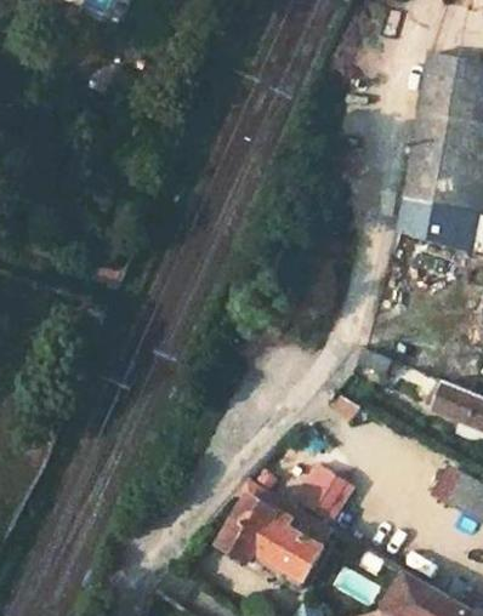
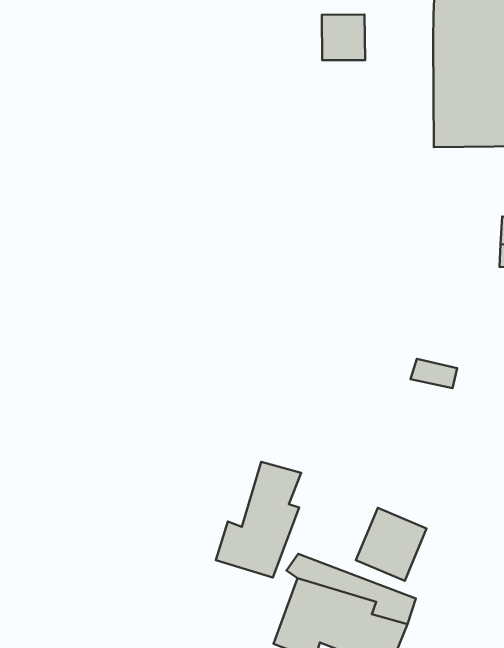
building: none -> [322,15,365,60]
building: none -> [216,462,301,578]

